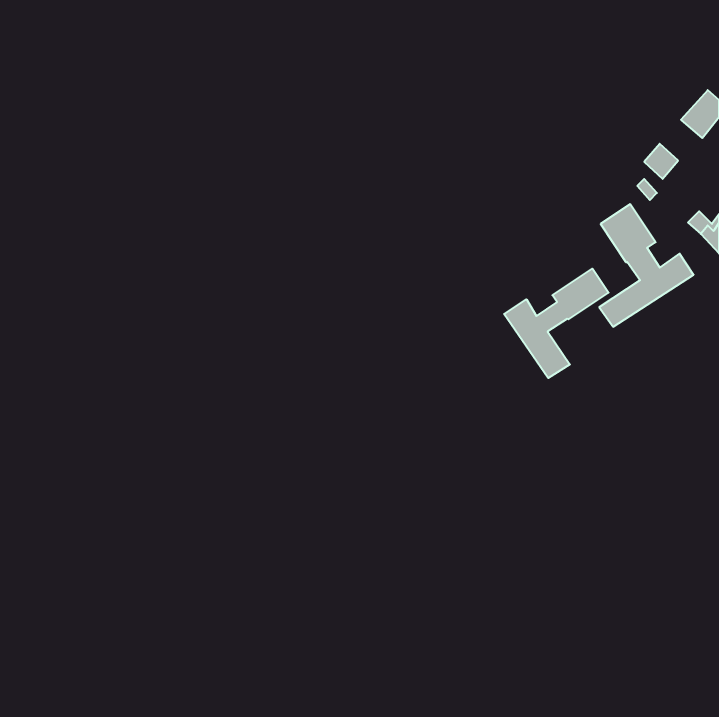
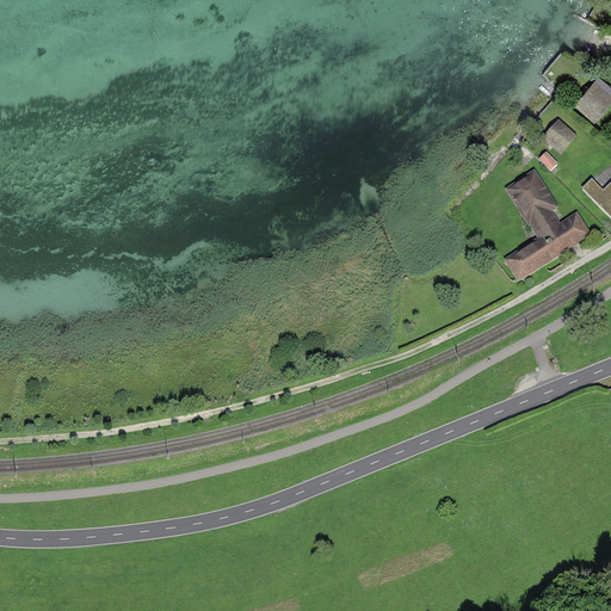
building: [504,269,609,378] -> none

